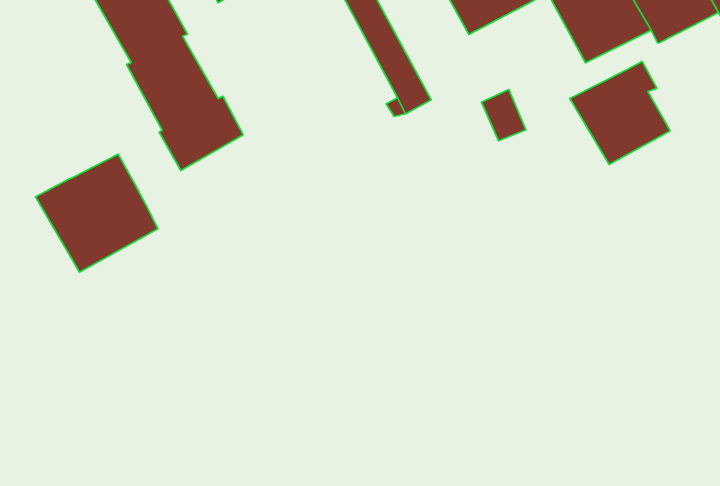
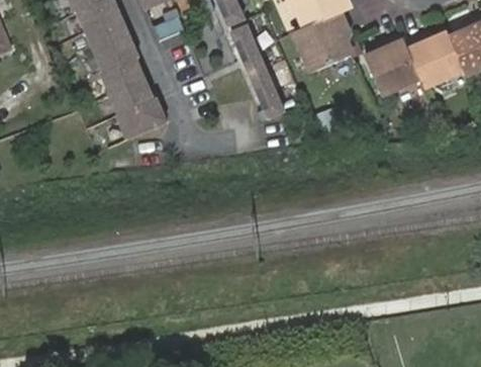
building: [570,61,670,164] -> none
building: [36,154,158,272] -> none

